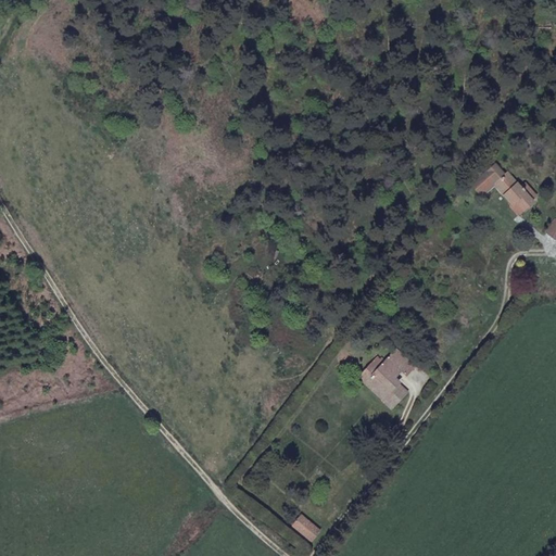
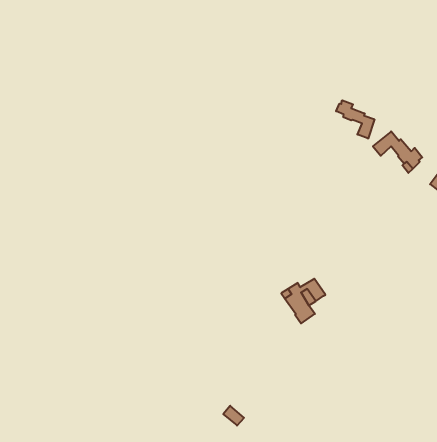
building: none -> [336,100,374,139]

